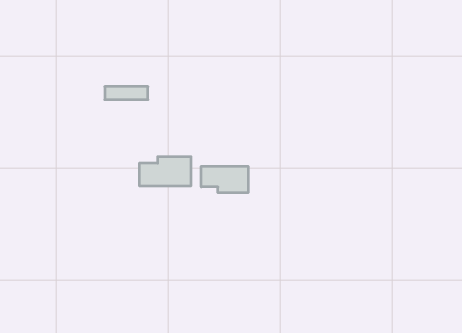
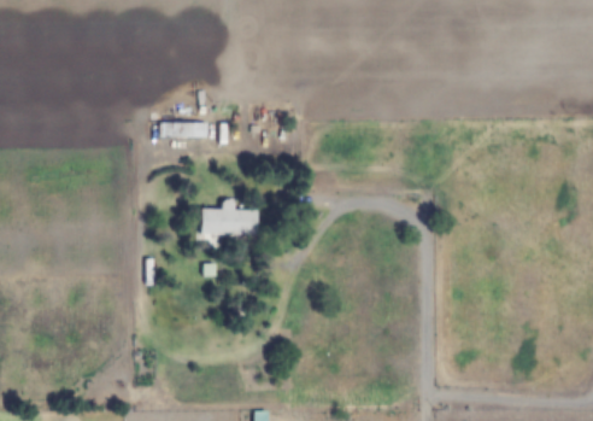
building: [201,166,248,193] -> none

